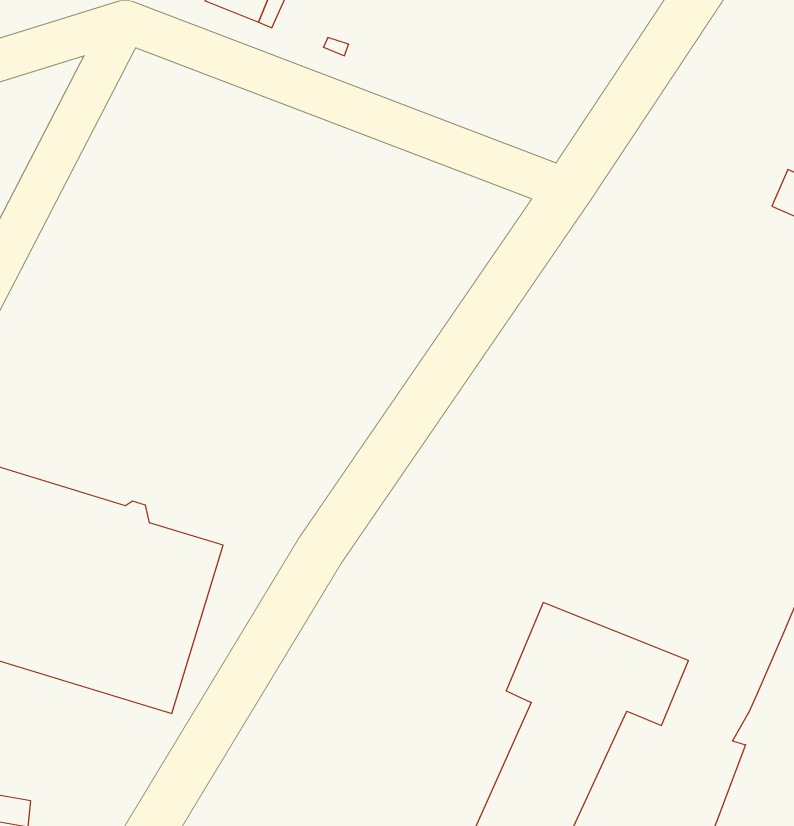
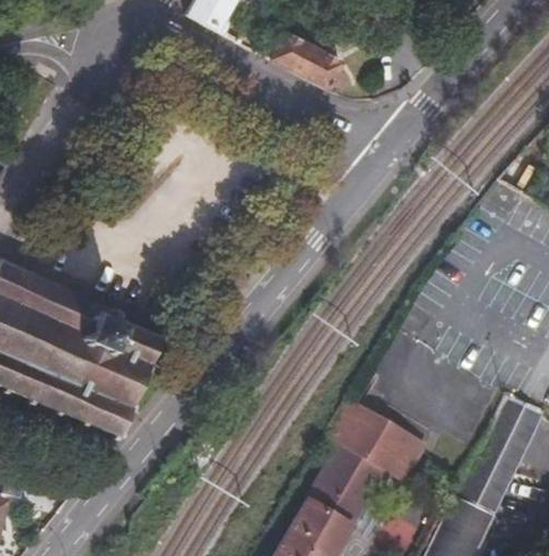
building: none -> [270,33,344,90]

